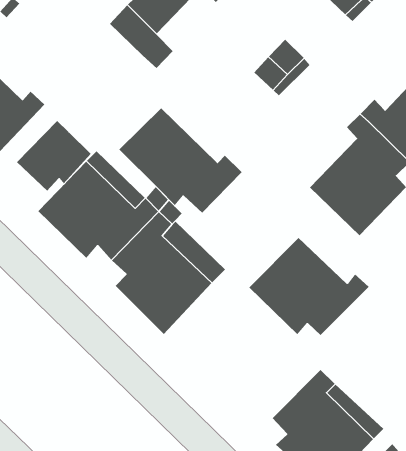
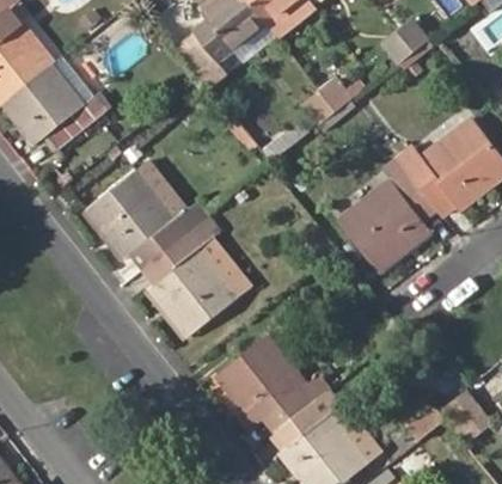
building: [119,108,242,214] -> none
building: [16,120,92,192] -> none
building: [248,237,369,336] -> [216,335,329,429]

